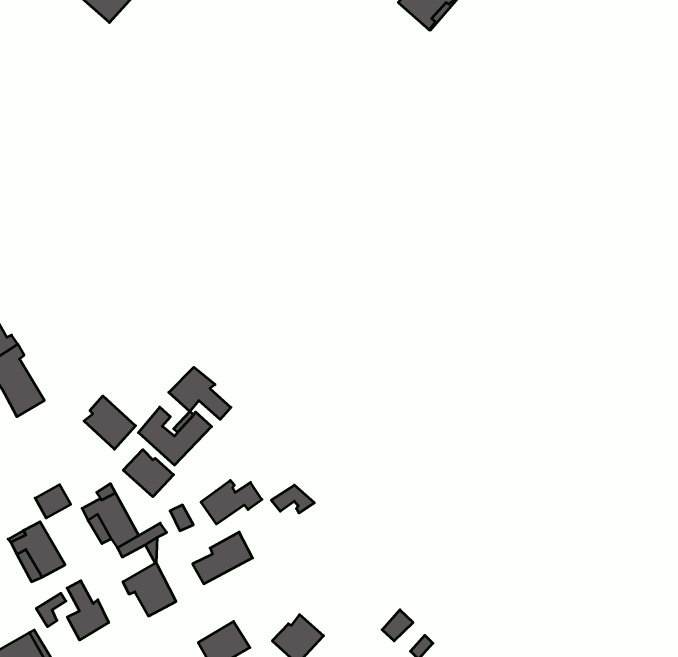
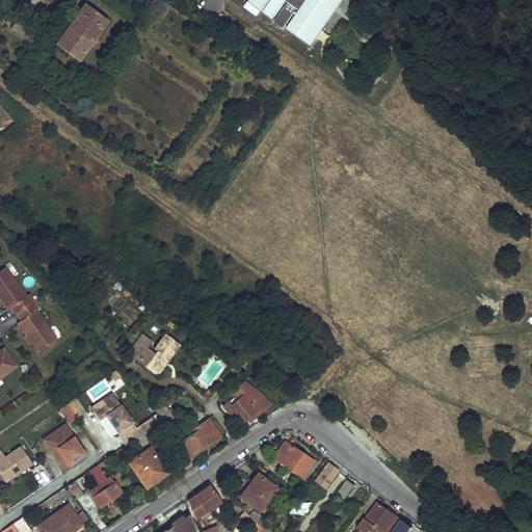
building: [169,367,231,419] -> none
building: [84,396,136,449] -> none
building: [123,450,174,497] -> none
building: [201,480,262,524] -> [225,393,269,425]
building: none -> [274,442,314,477]

